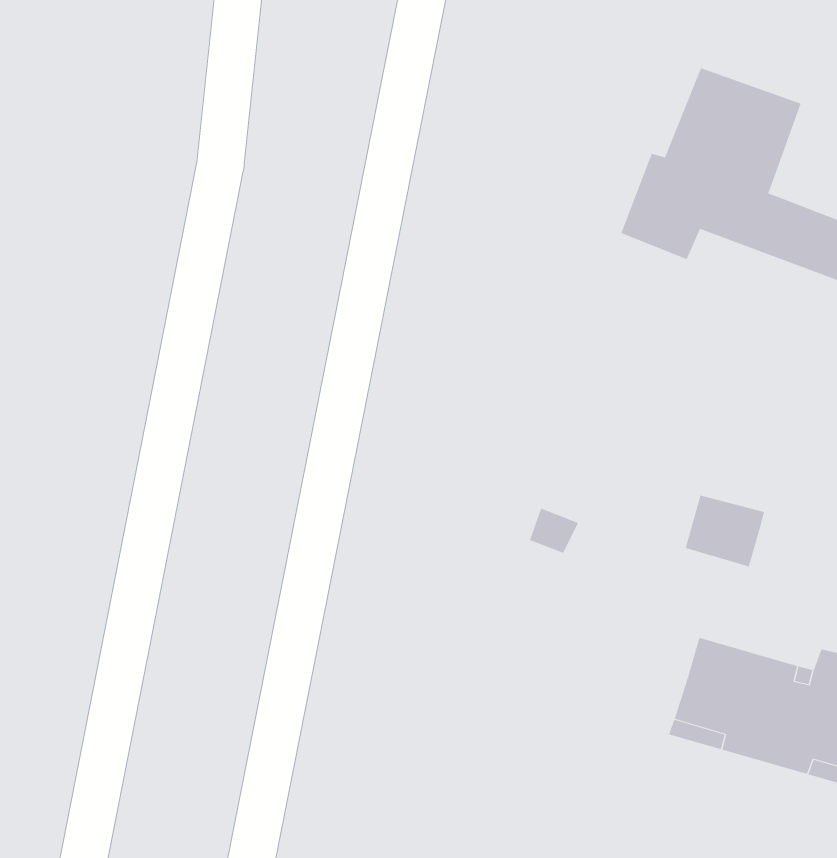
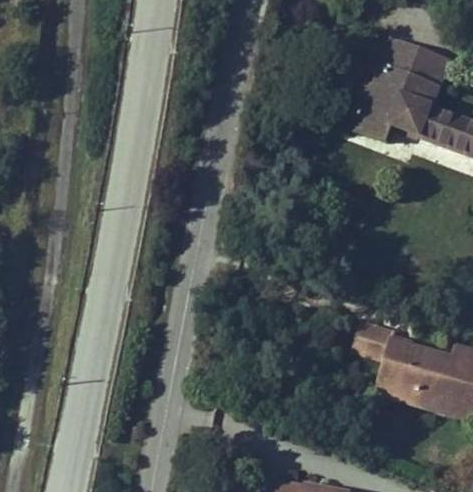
building: [685,495,765,567] -> [355,323,397,361]

